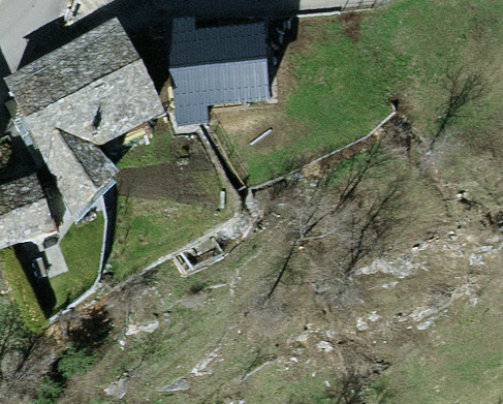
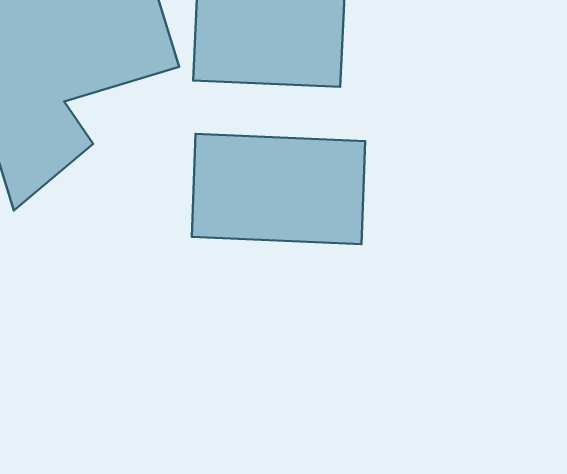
building: none -> [192,134,365,244]

